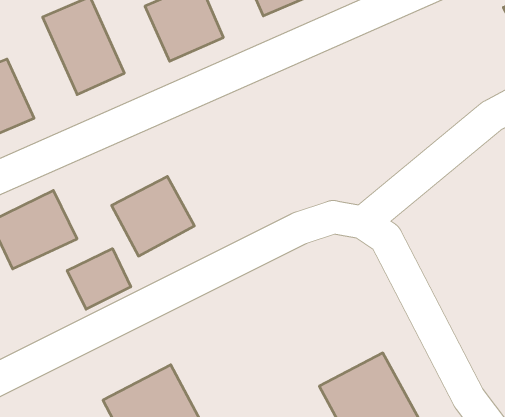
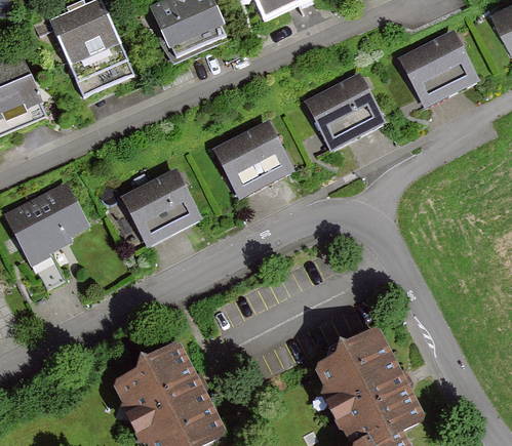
building: none -> [400,31,479,107]
building: none -> [307,72,386,148]
building: none -> [214,120,292,196]
building: [67,249,131,309] -> none

